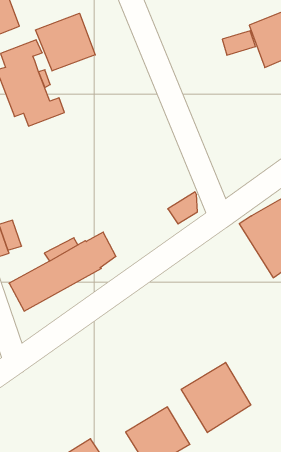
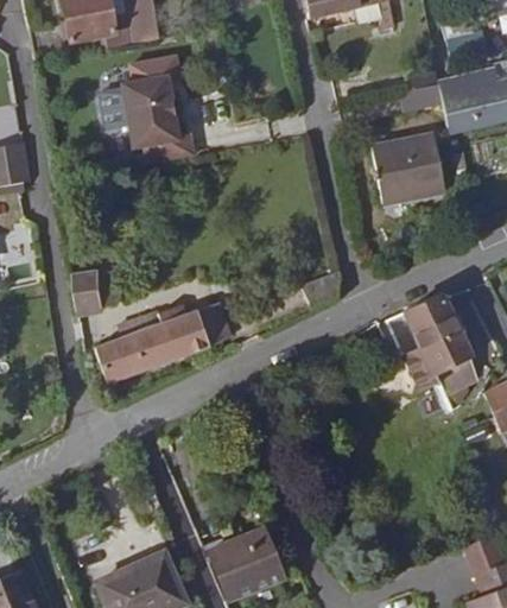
building: [35,13,95,71] -> none
building: none -> [370,133,445,204]
building: [181,362,251,433] -> none

